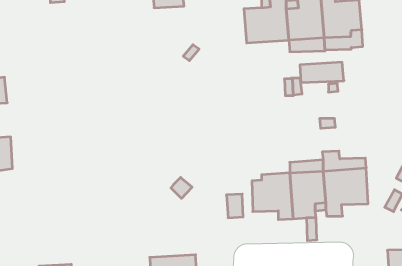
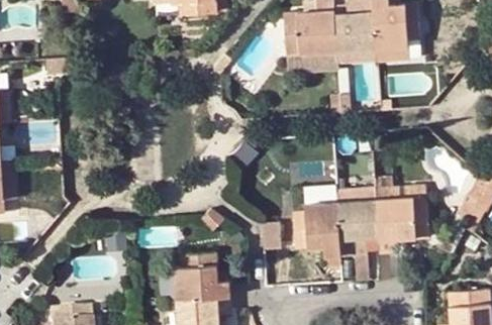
building: [300,62,344,83] -> [287,50,337,74]
building: none -> [173,253,228,300]

